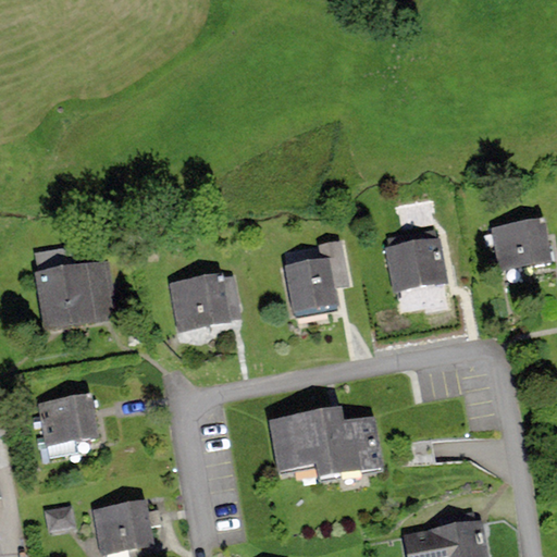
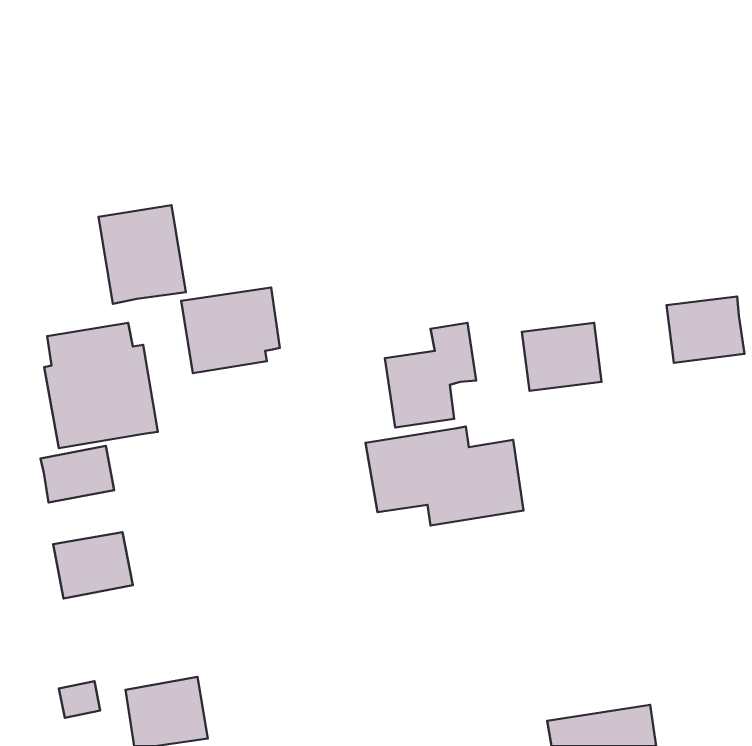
building: none -> [99,205,186,304]
building: [168,270,240,333] -> [181,288,280,373]
building: none -> [40,446,114,502]
building: [268,407,384,480] -> [366,427,523,525]

